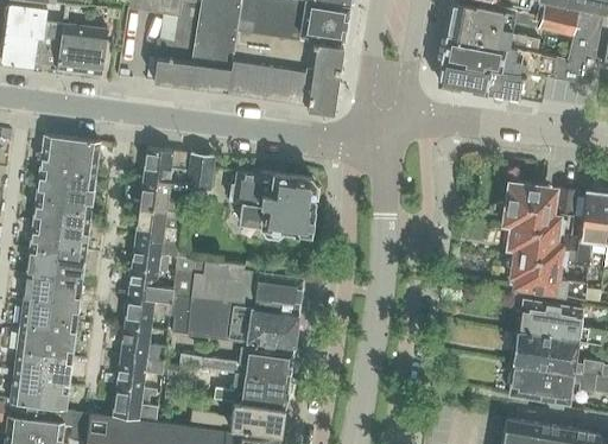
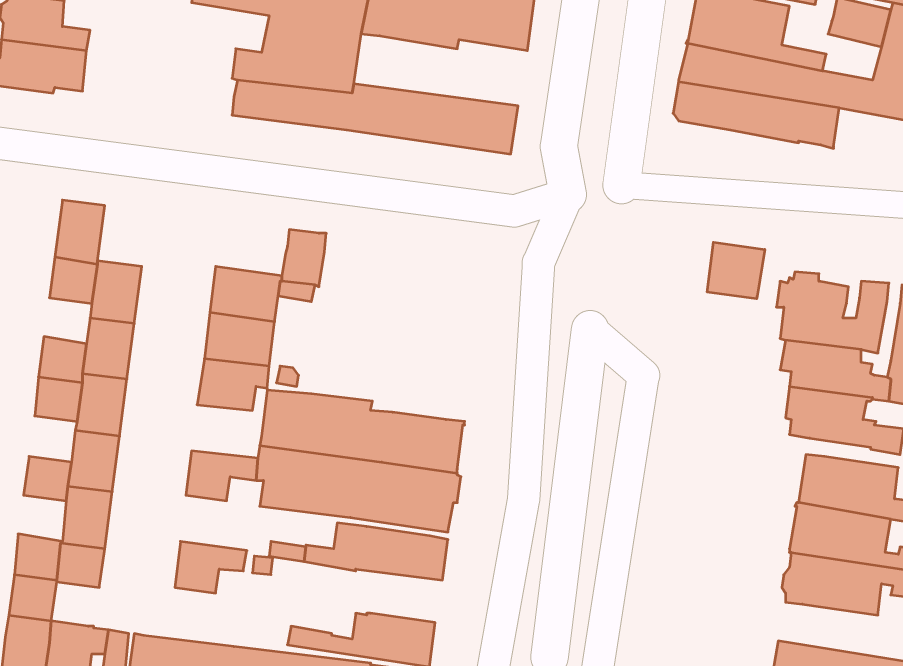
building: [57,24,108,75] -> none
building: [233,28,342,75] -> none
building: [68,139,101,178] -> none
building: [144,148,189,184] -> none
building: none -> [707,242,765,299]
building: [229,171,316,240] -> none
building: [33,198,64,228] -> none
building: [128,267,173,302] -> none
building: [24,274,55,304] -> none
building: [17,325,48,355] -> none
building: [121,325,165,361] -> none
building: [214,373,291,407] -> none
building: [38,381,69,410] -> none
building: [113,385,158,421] -> none

